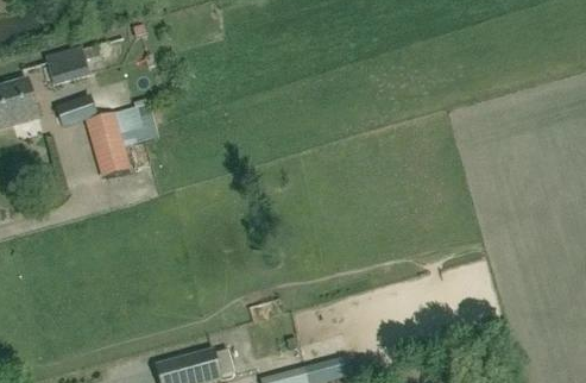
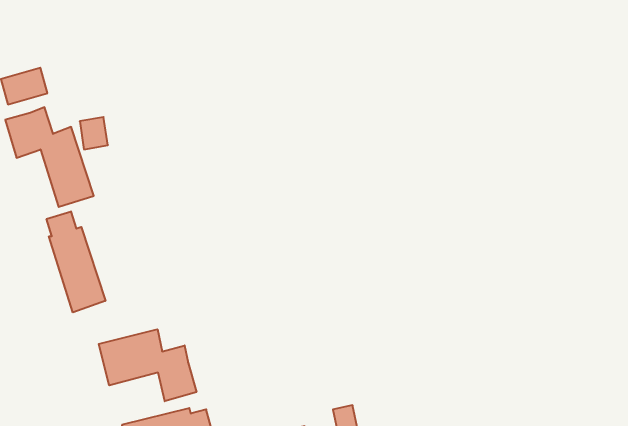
building: none -> [47,211,105,312]
building: none -> [99,329,196,401]

